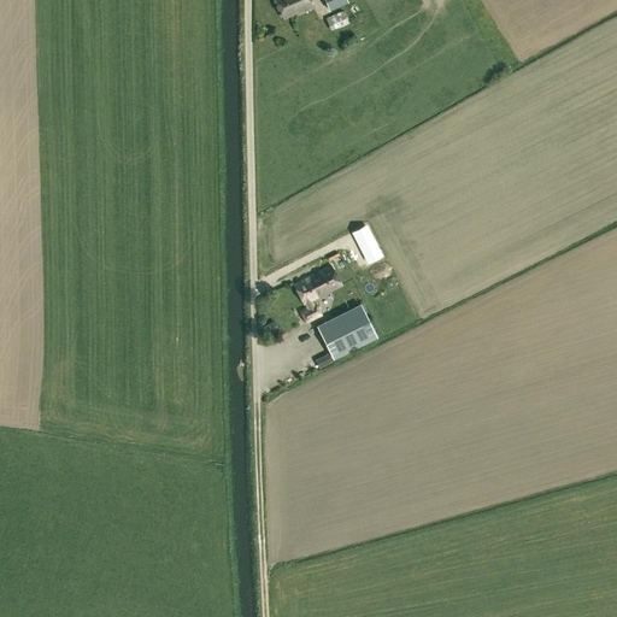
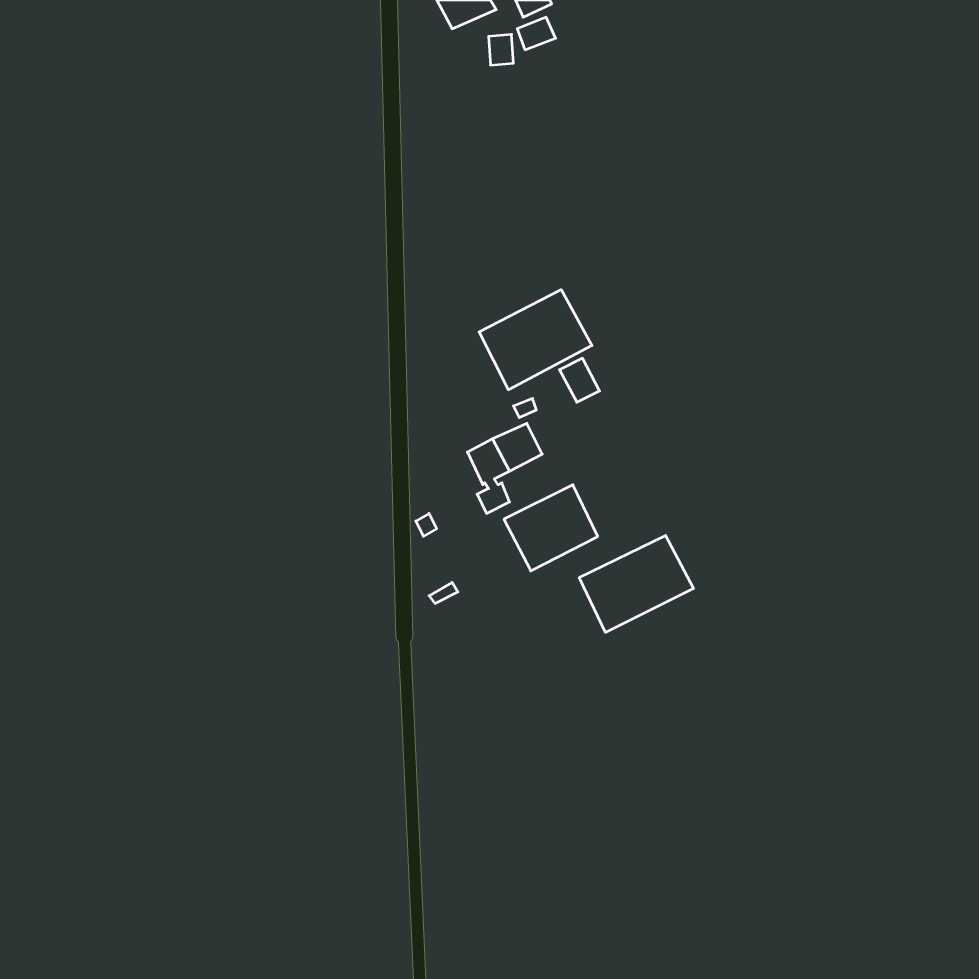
building: none -> [479,290,592,390]
building: none -> [579,535,693,632]

